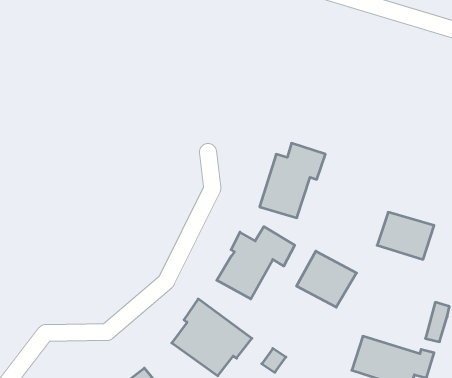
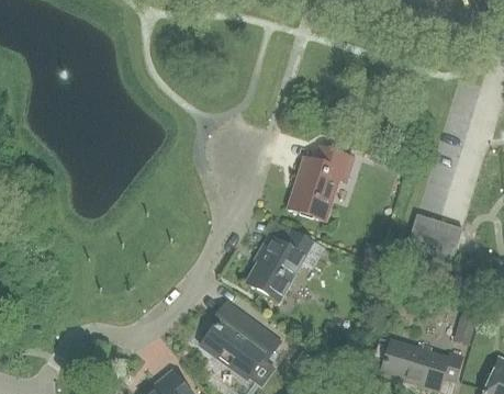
building: [297,251,357,307] -> none

